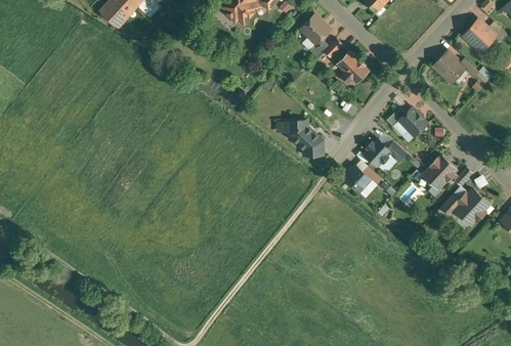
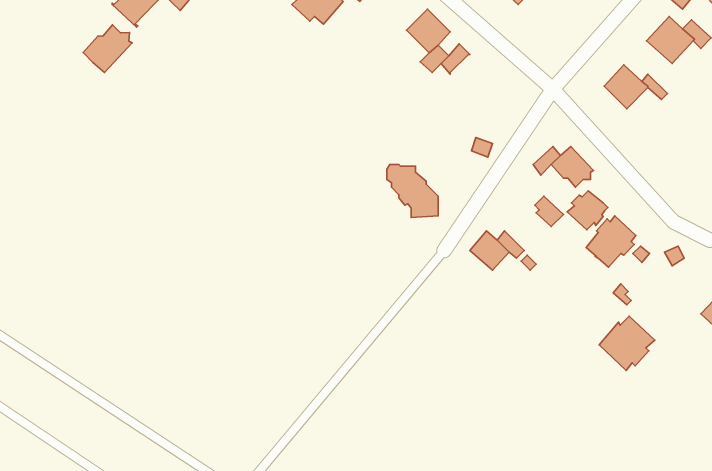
building: none -> [83,25,132,72]
building: [335,50,370,84] -> none
building: [363,139,390,166] -> [567,191,608,230]
building: [452,188,489,225] -> [599,316,655,370]

